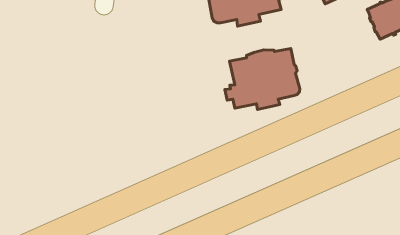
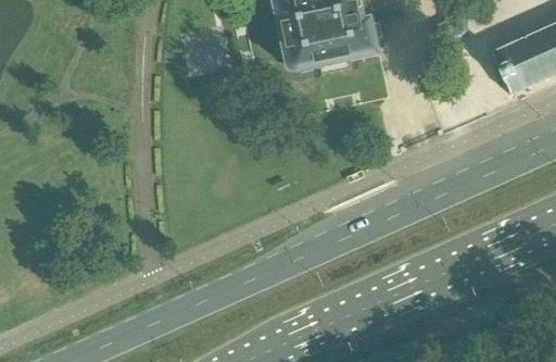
building: [225,49,300,109] -> none

